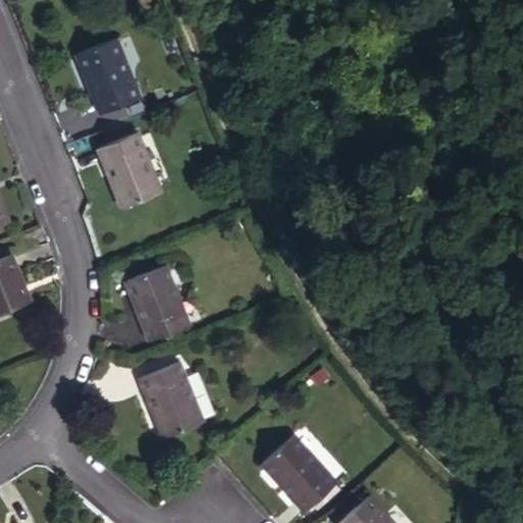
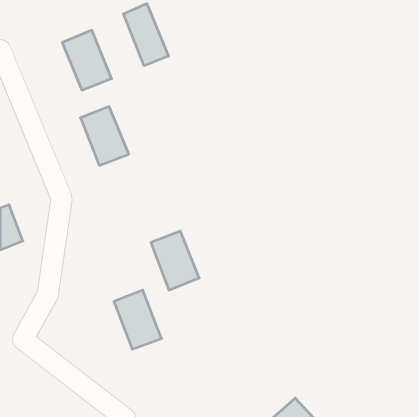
building: none -> [123,4,168,66]
building: [128,268,188,341] -> [151,231,199,290]
building: [263,437,335,512] -> none

